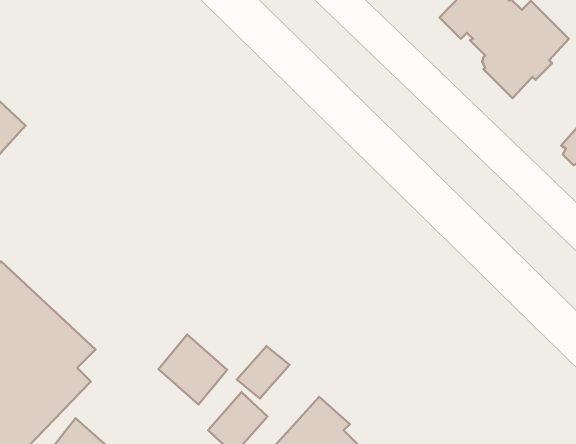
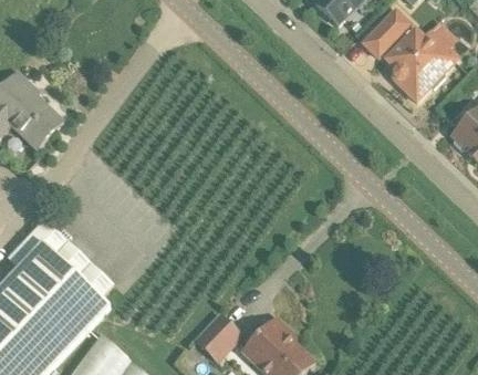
building: [159,335,227,404] -> none
building: [237,346,289,398] -> none

